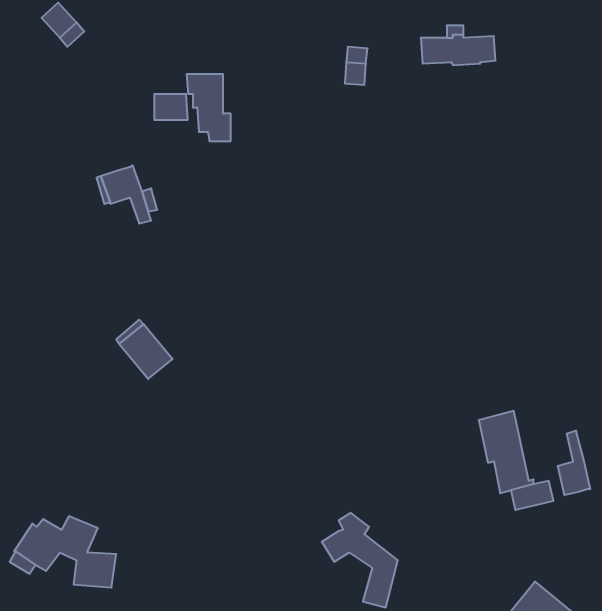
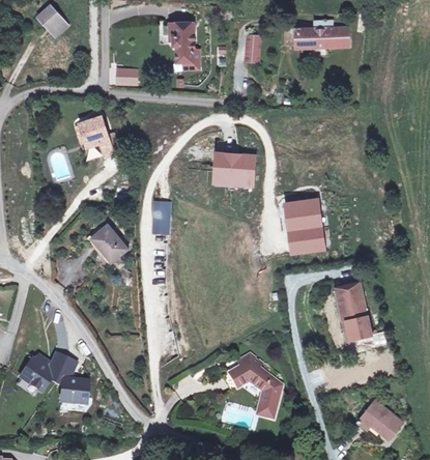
building: [187,74,231,141] -> [169,23,199,68]
building: none -> [213,153,254,184]
building: none -> [284,199,325,254]
building: none -> [150,200,171,234]
building: [558,430,590,495] -> none

